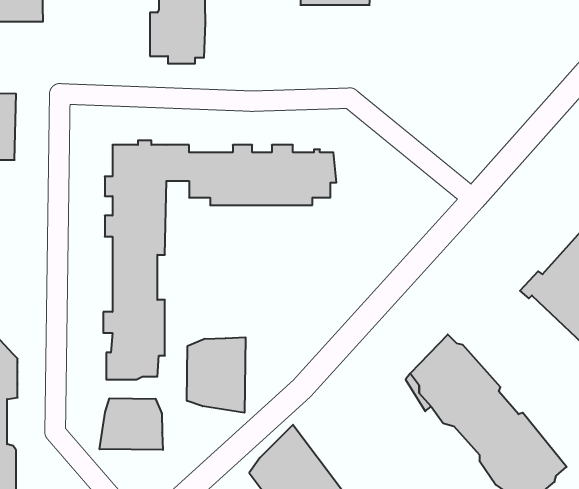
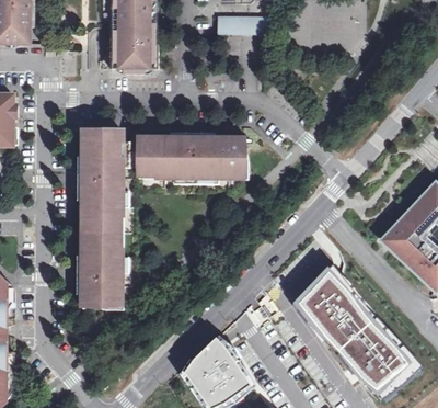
building: [187,337,245,413] -> none
building: [100,398,163,450] -> none

